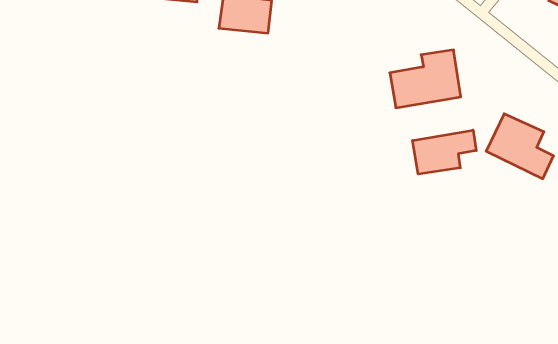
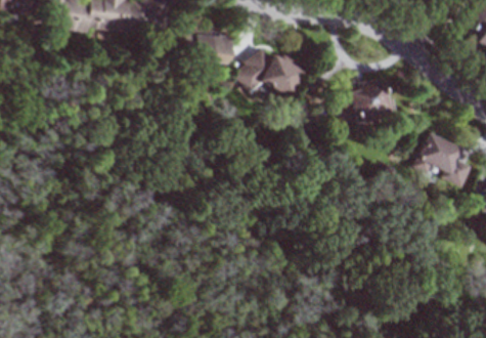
building: none -> [241,45,307,97]
building: [413,130,476,174] -> none

